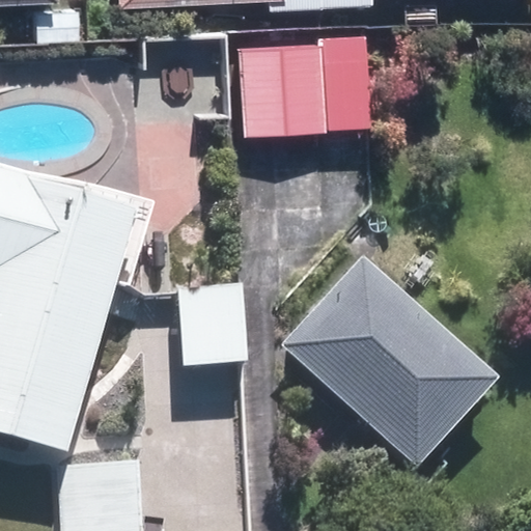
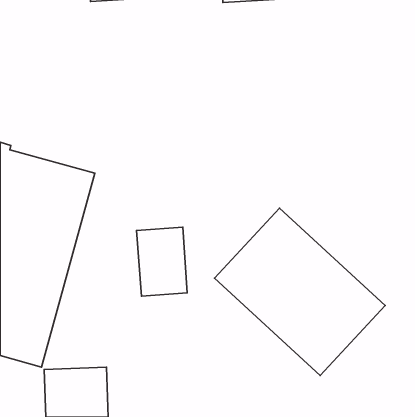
building: [245,28,373,130] -> none

